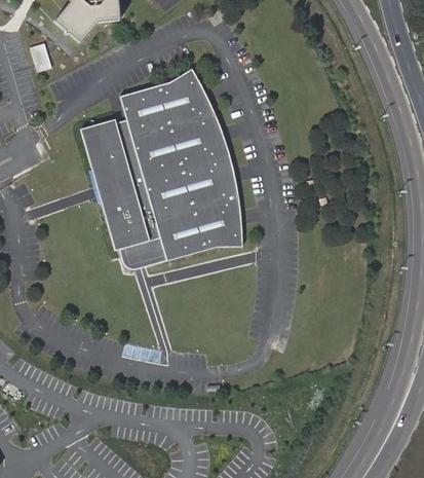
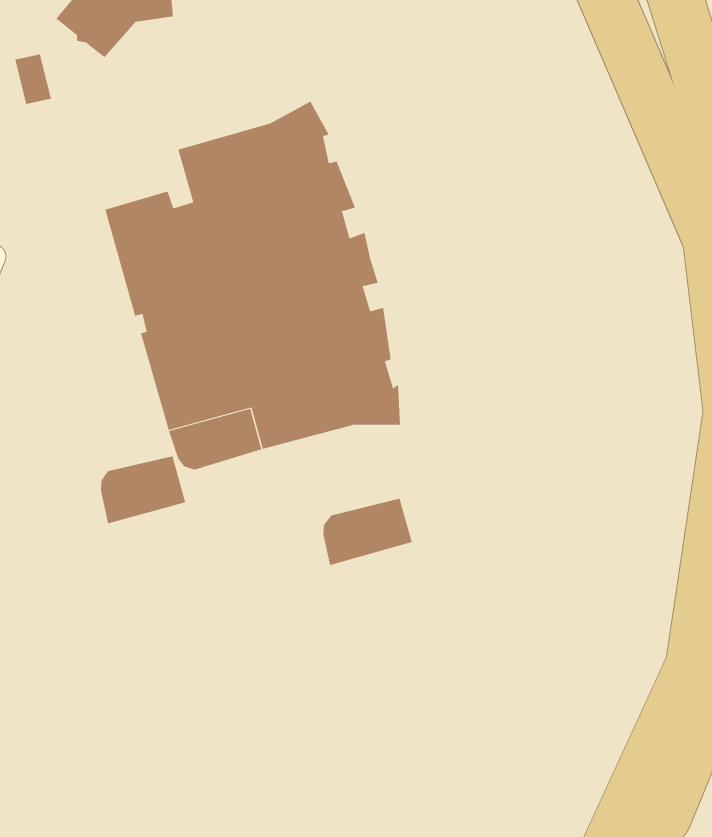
building: none -> [100,455,186,524]
building: none -> [323,498,413,566]

